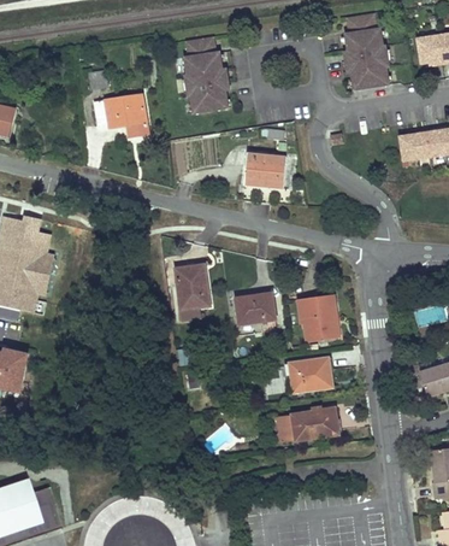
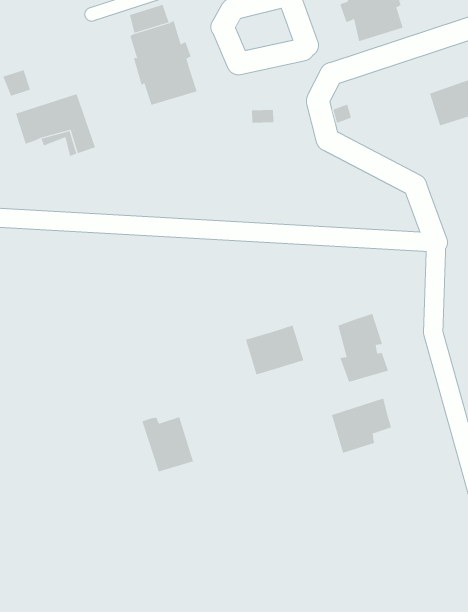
building: [244,152,285,188] -> none
building: [175,266,208,307] -> [141,417,194,472]
building: [276,407,339,442] -> none

